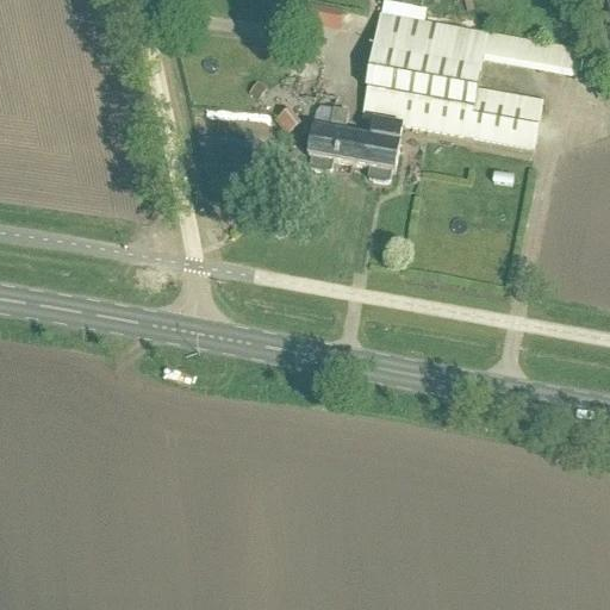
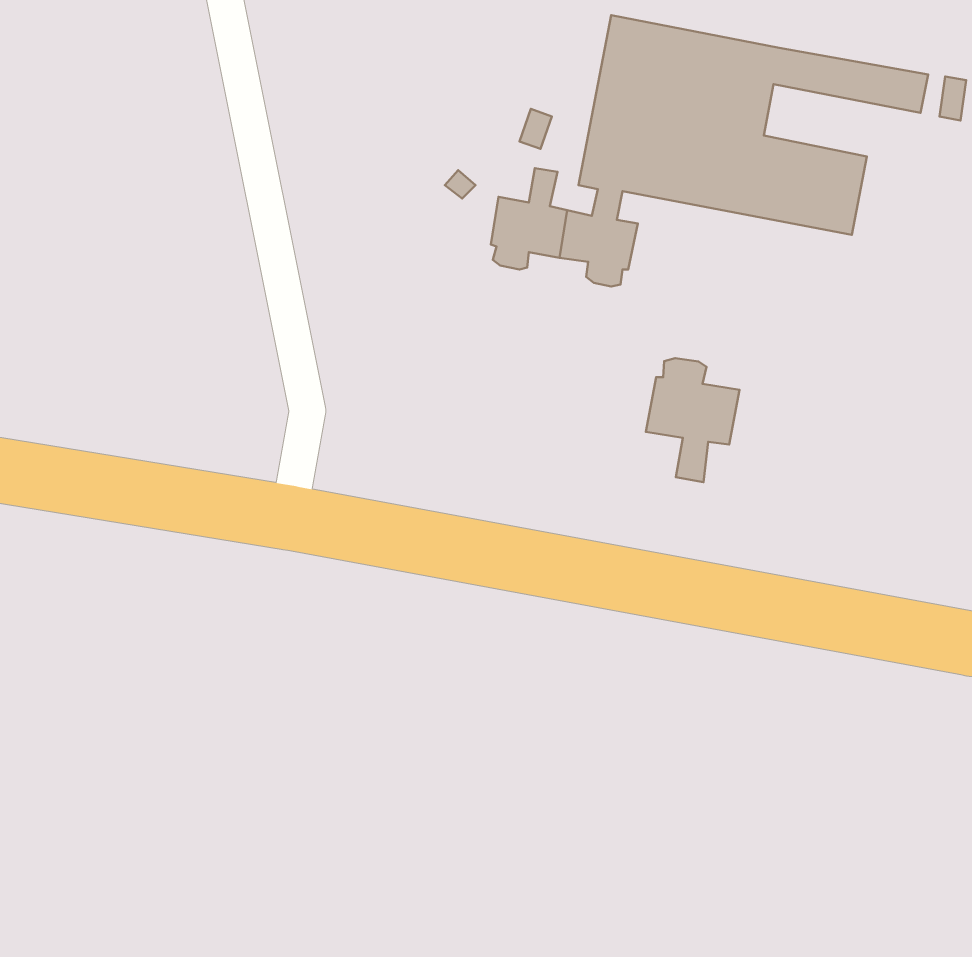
building: none -> [646,358,740,482]

